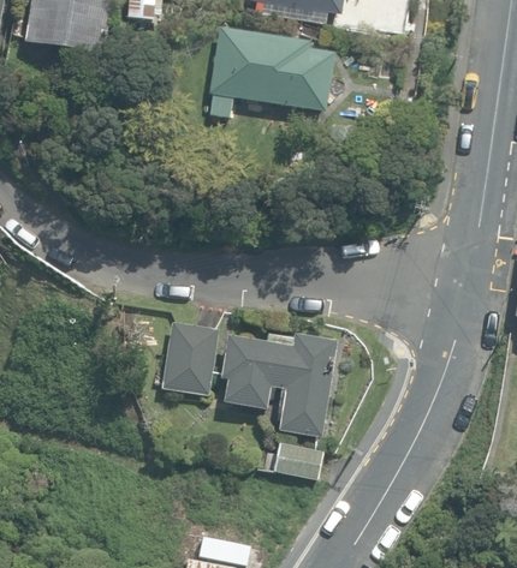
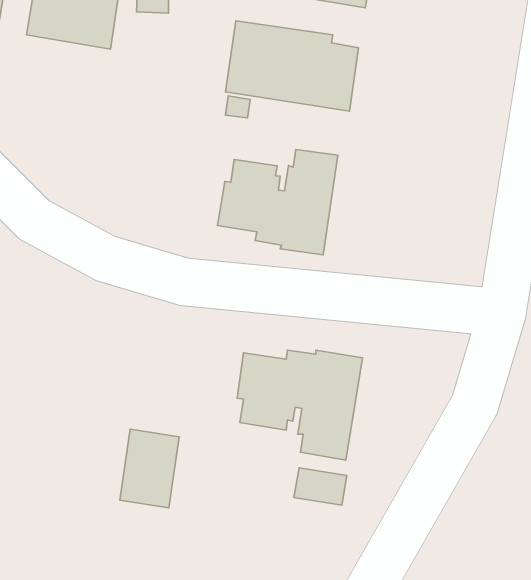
building: none -> [218,149,338,255]
building: [164,322,219,395] -> [120,429,179,508]

